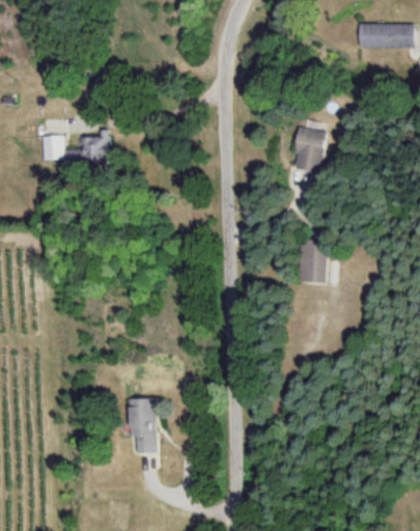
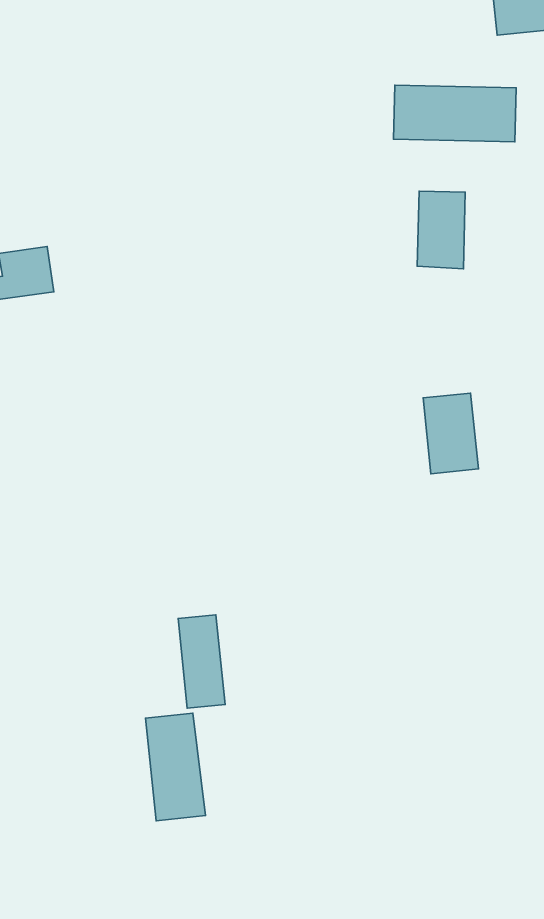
building: none -> [394,85,516,142]
building: none -> [178,615,225,708]

